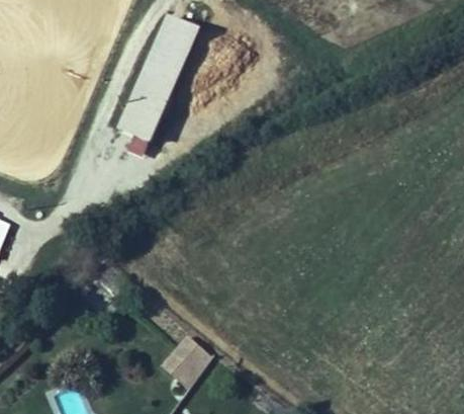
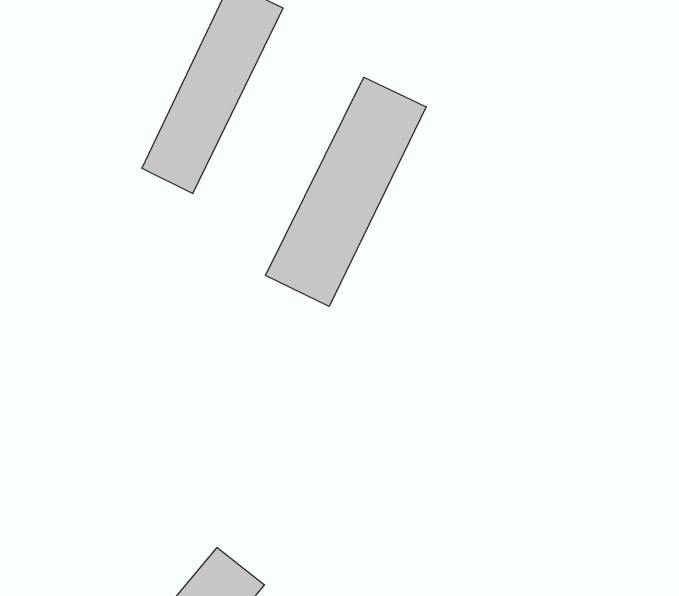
building: none -> [266,77,426,306]

